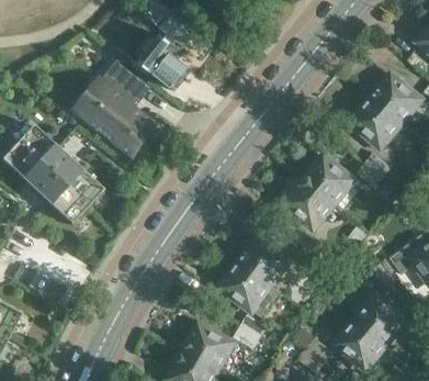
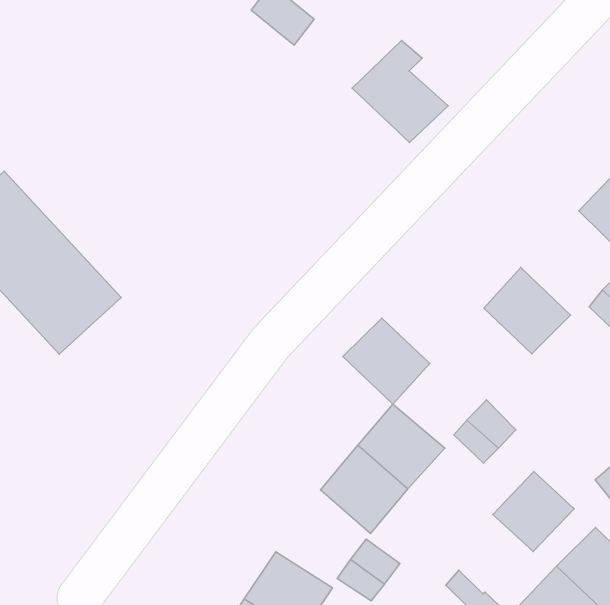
building: [138,30,192,86] -> [352,41,448,142]
building: [80,66,156,157] -> none
building: [283,180,331,227] -> [343,318,430,404]
building: none -> [493,472,574,551]

